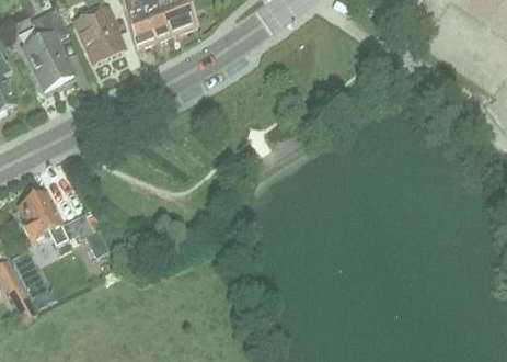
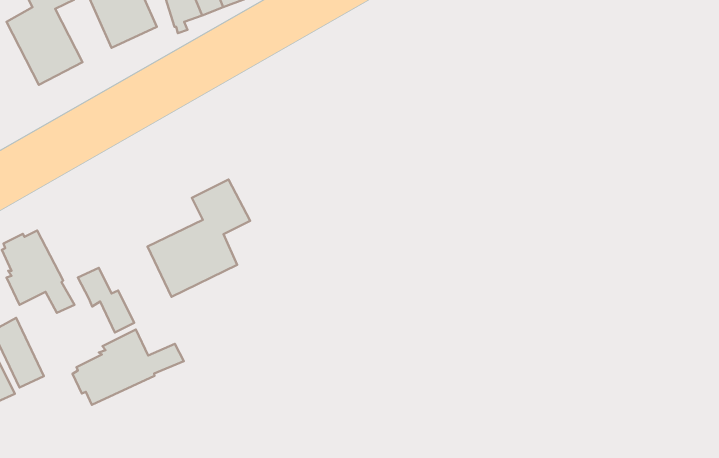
building: none -> [147,179,250,297]
building: none -> [73,329,184,405]

